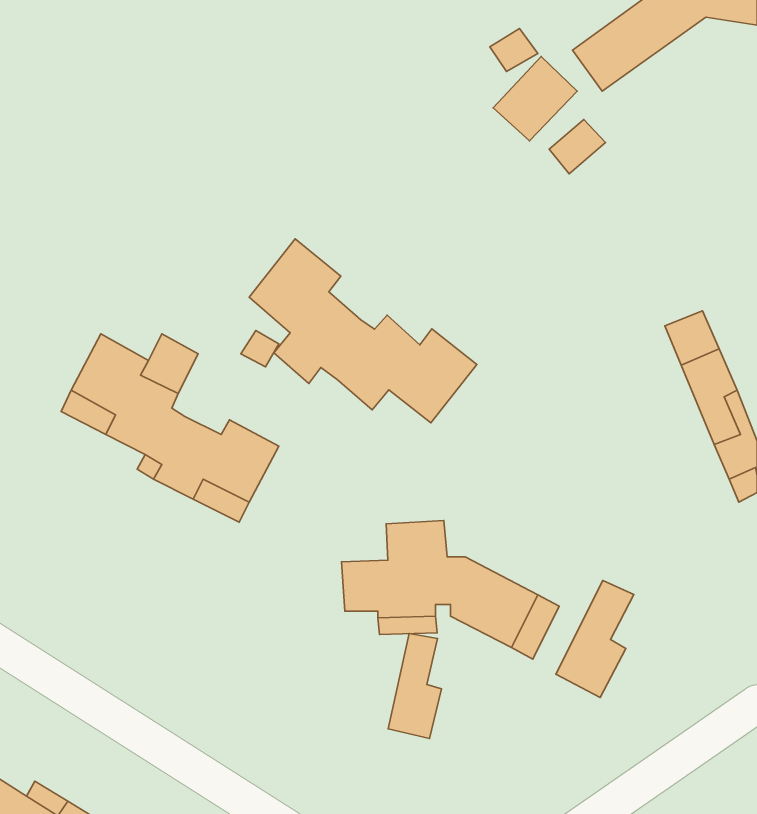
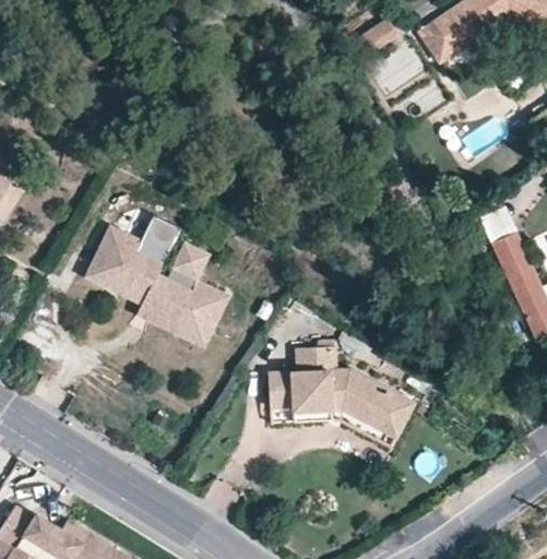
building: [249,239,477,423] -> none
building: none -> [165,242,209,290]
building: [556,580,634,697] -> none
building: [388,634,441,739] -> none

